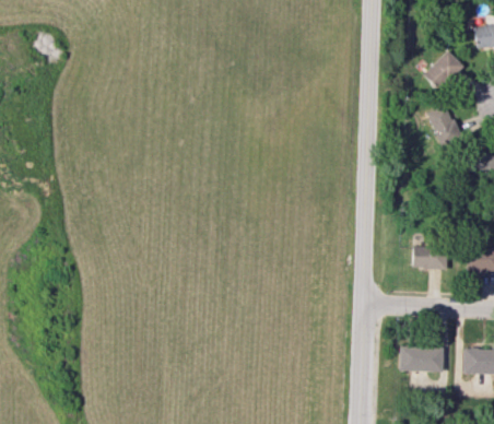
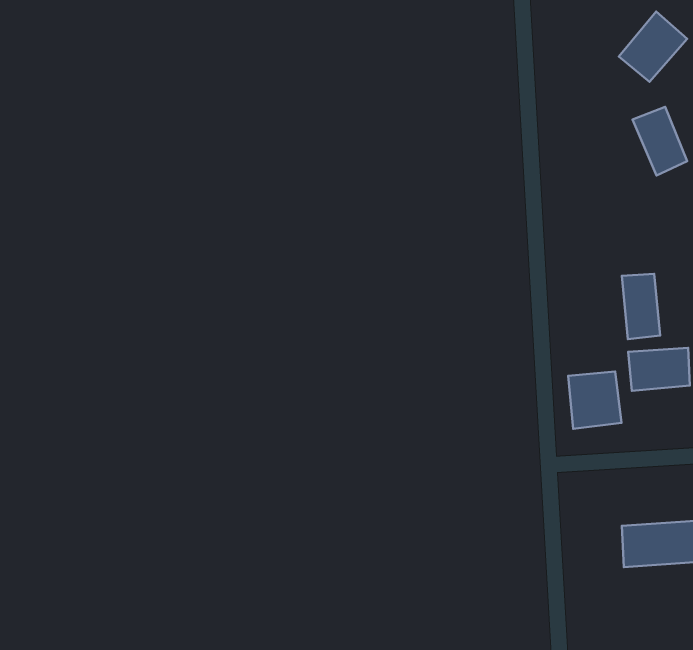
building: none -> [622,274,660,339]
building: none -> [568,371,622,429]

